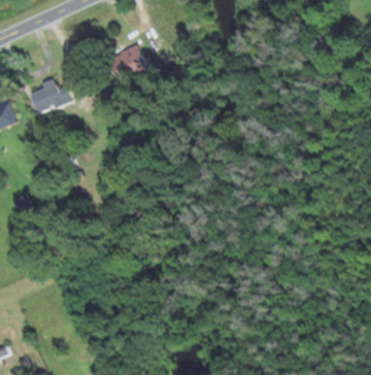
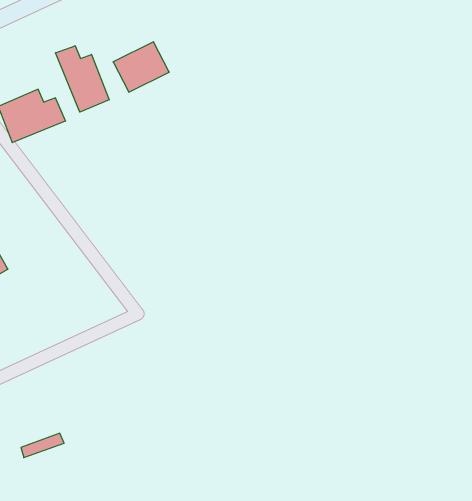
building: none -> [56,46,109,112]

